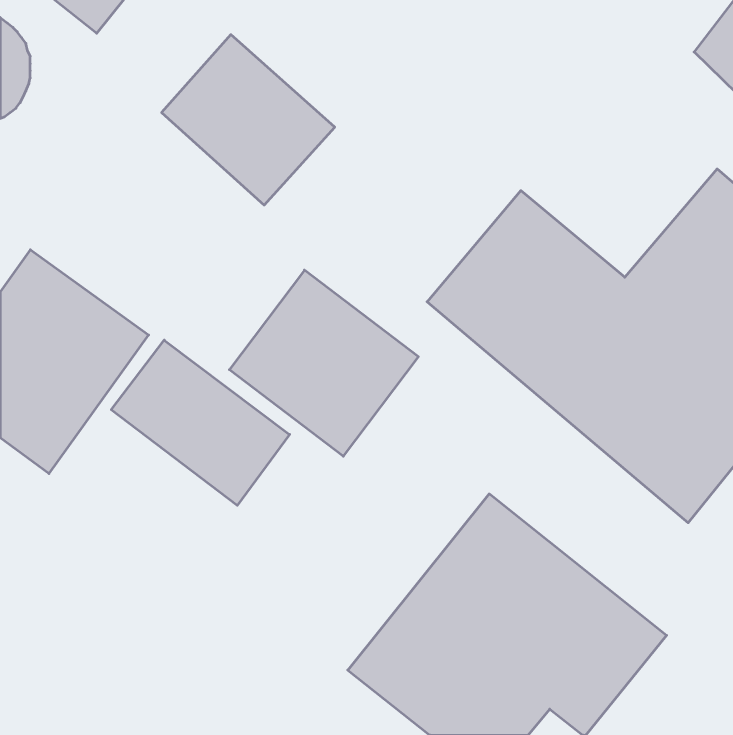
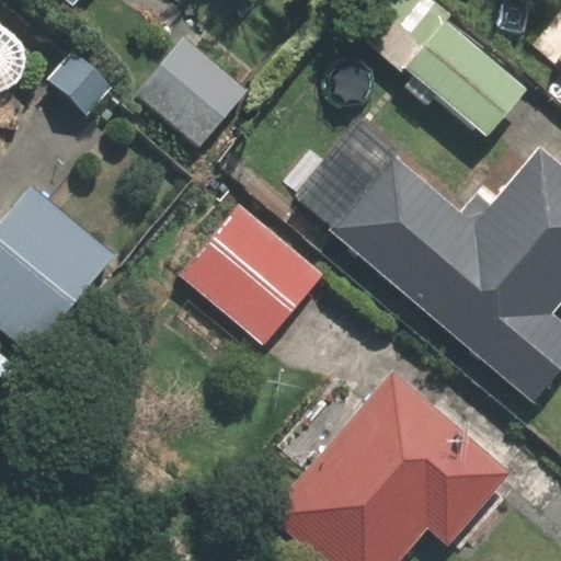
building: none -> [394,12,522,129]
building: [111,340,290,505] -> none

